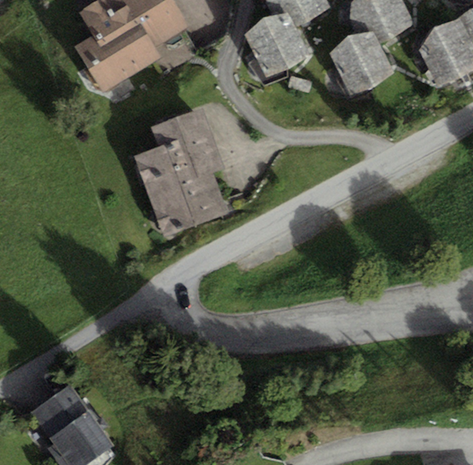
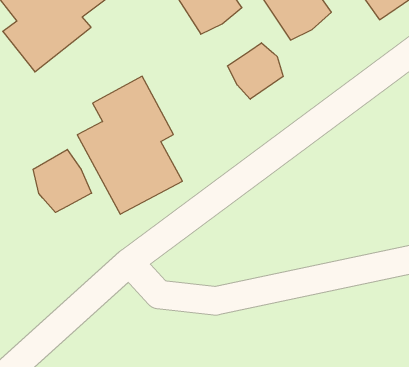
building: none -> [227,43,283,99]
building: none -> [33,149,92,212]

